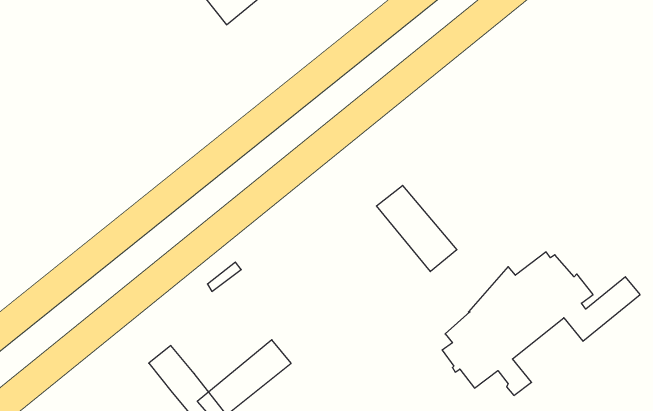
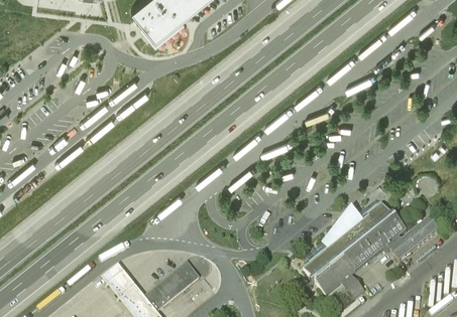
building: [376,185,457,272] -> none

